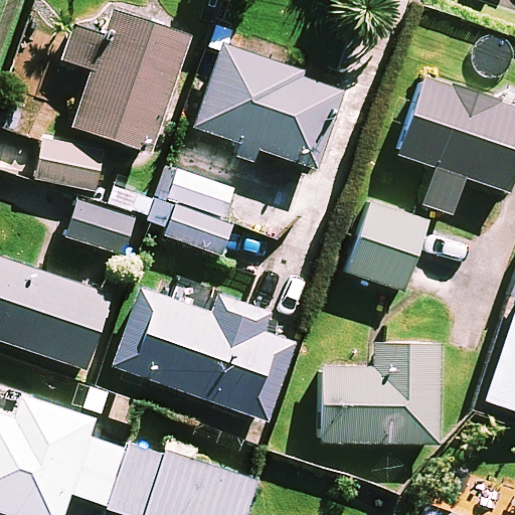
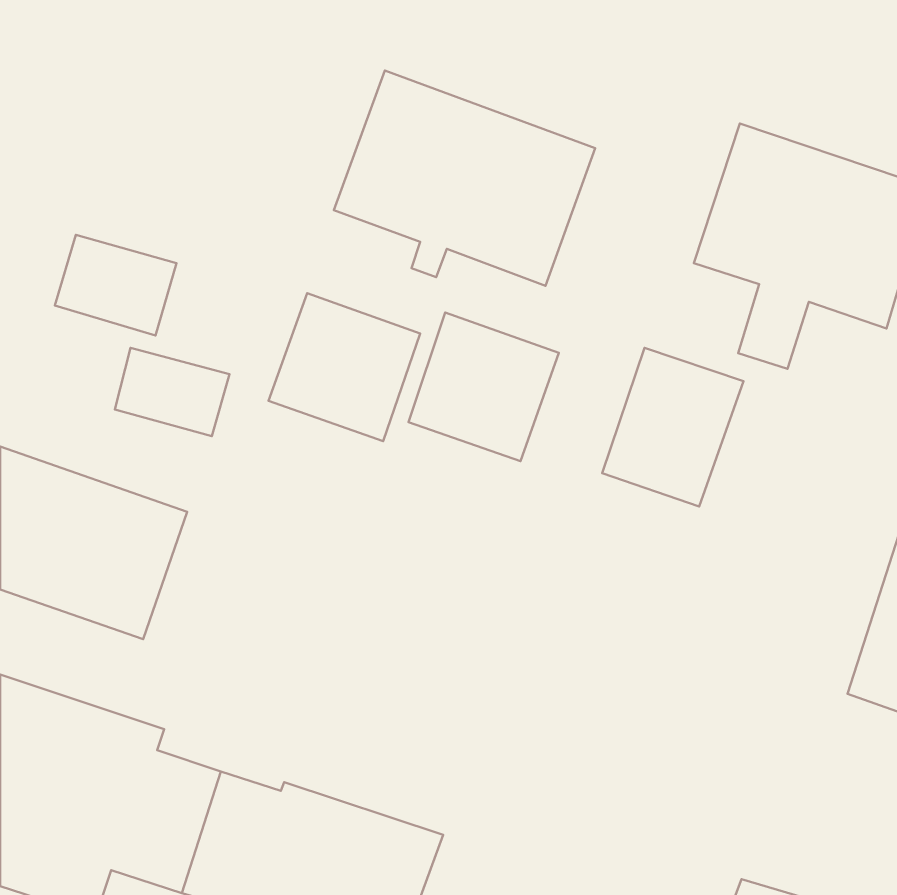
building: [63,9,189,151] -> none
building: none -> [408,313,559,461]
building: [112,287,295,419] -> none
building: [321,341,441,444] -> none

